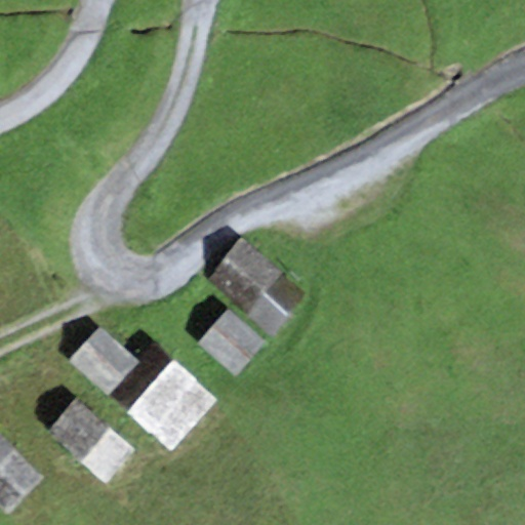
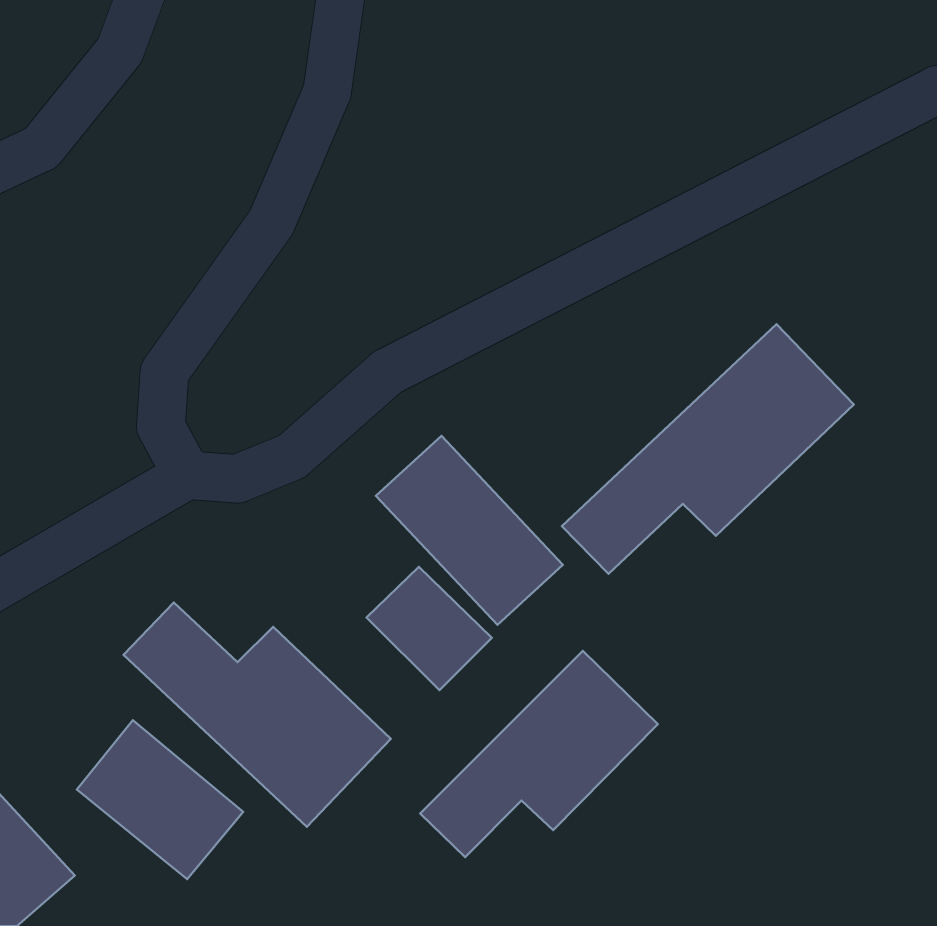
building: none -> [562,324,854,574]
building: none -> [420,651,658,857]

